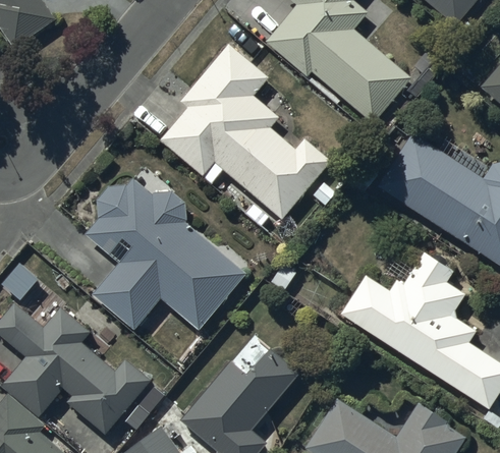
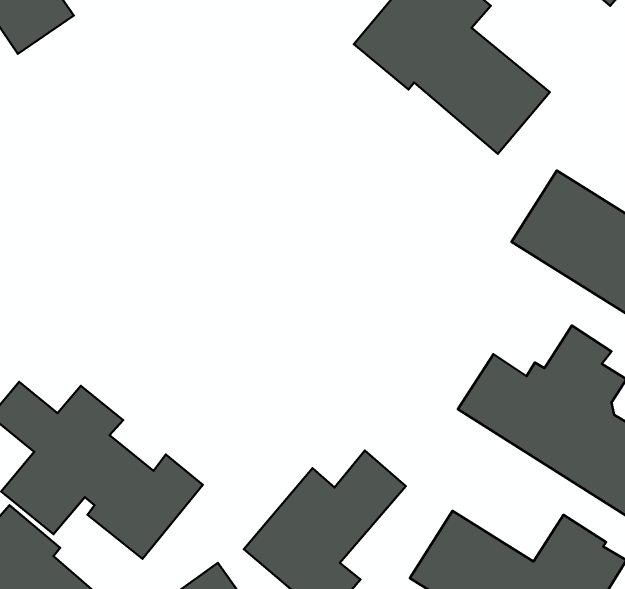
building: [159,44,329,218] -> none
building: [87,180,246,332] -> none

